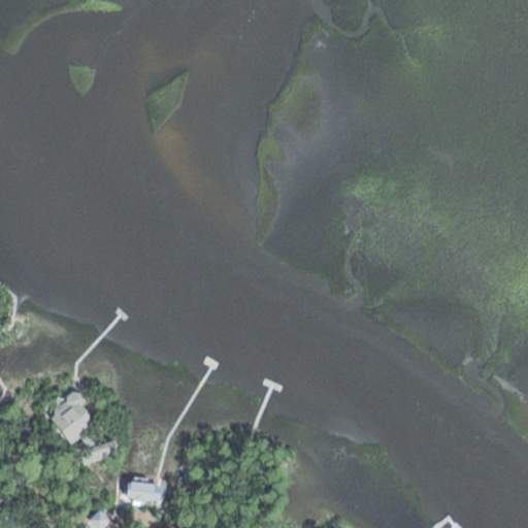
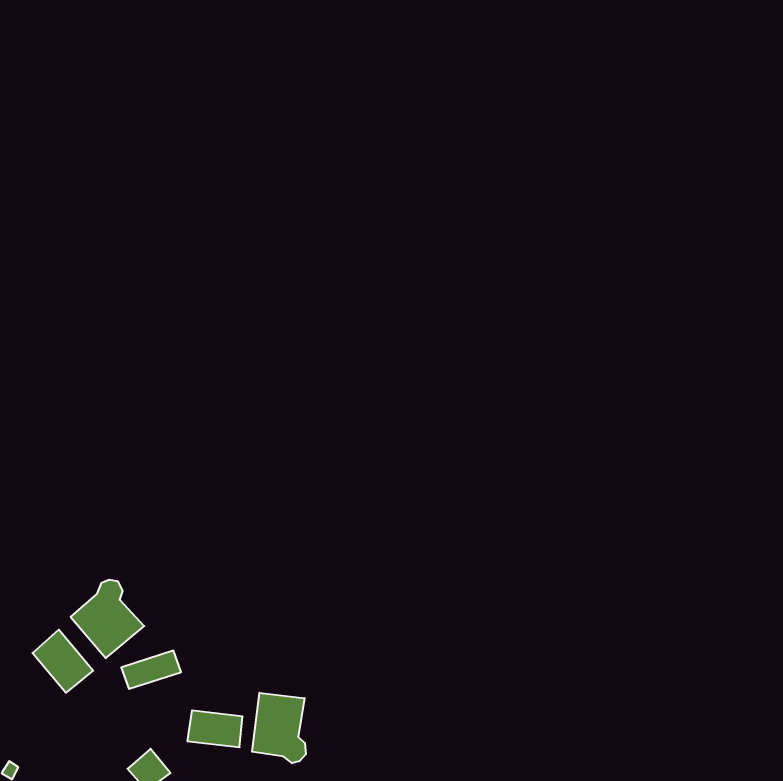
building: none -> [32,630,93,693]
building: none -> [252,693,306,763]

